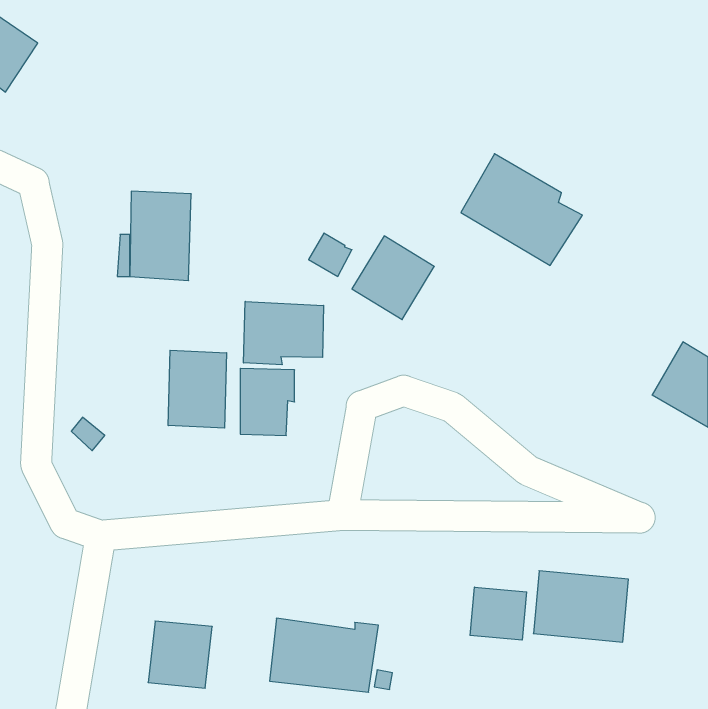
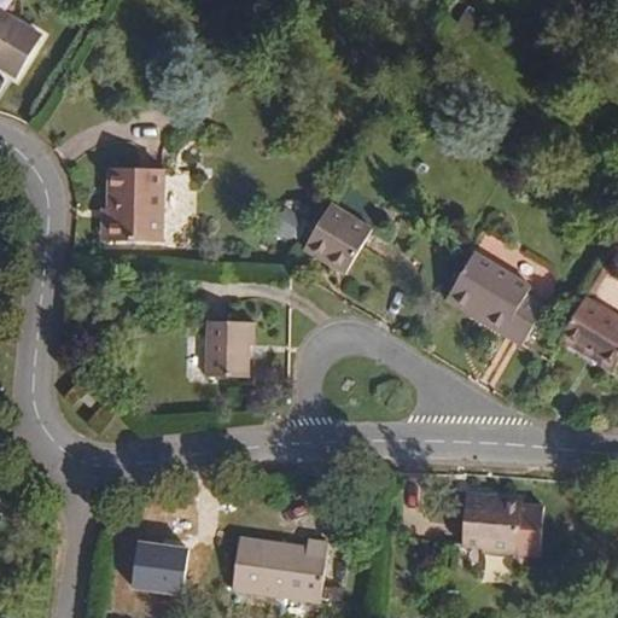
building: [461,154,582,265] -> [453,250,558,346]
building: [244,301,324,365] -> none
building: [168,350,227,428] -> none
building: [470,587,527,640] -> none

